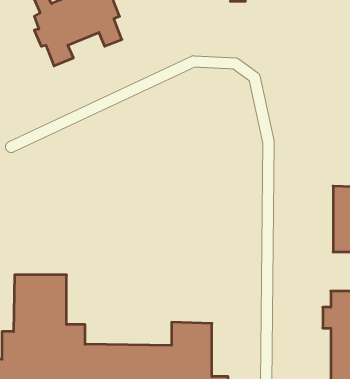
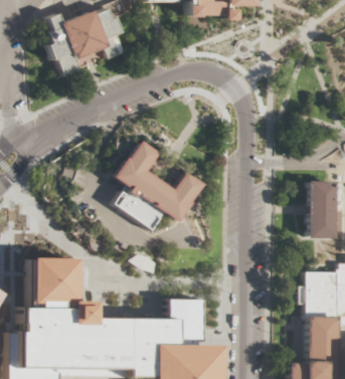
building: none -> [114,142,200,231]

